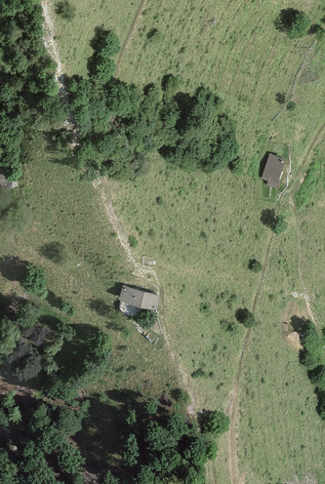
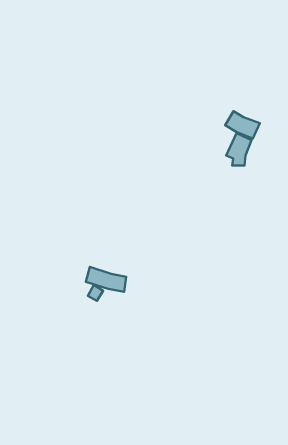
building: none -> [225,111,260,138]

